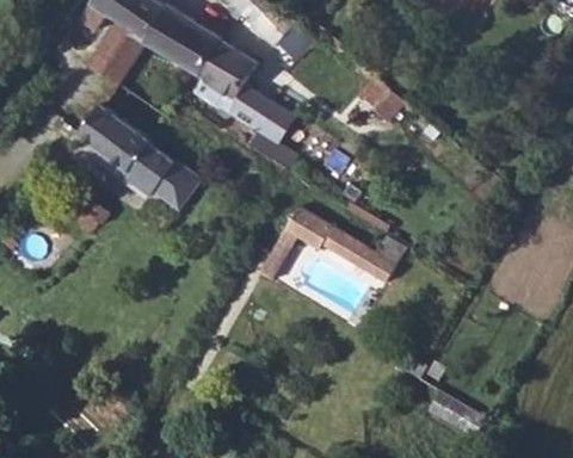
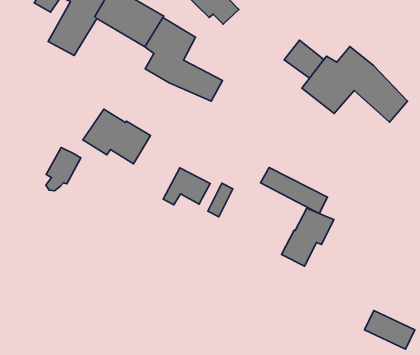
building: none -> [302,47,408,122]
building: [79,105,153,171] -> none
building: [278,203,333,246] -> [163,168,210,205]
building: none -> [281,208,334,266]

